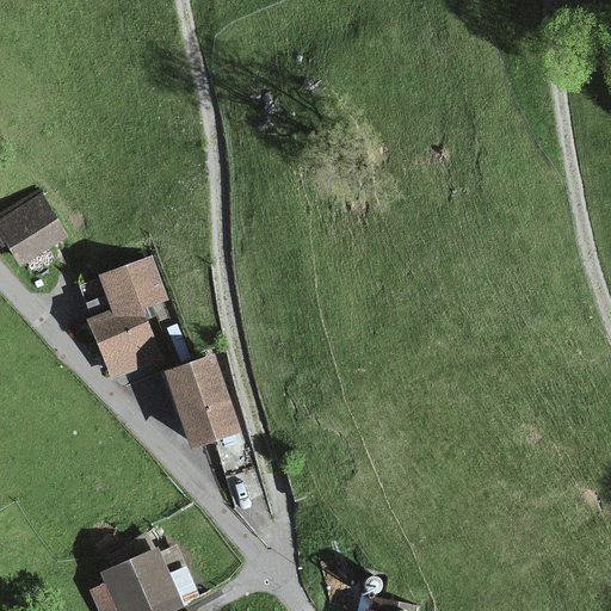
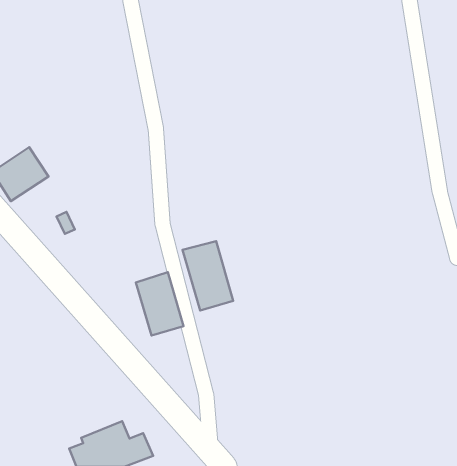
building: [85,260,158,374] -> none
building: none -> [183,241,233,311]

